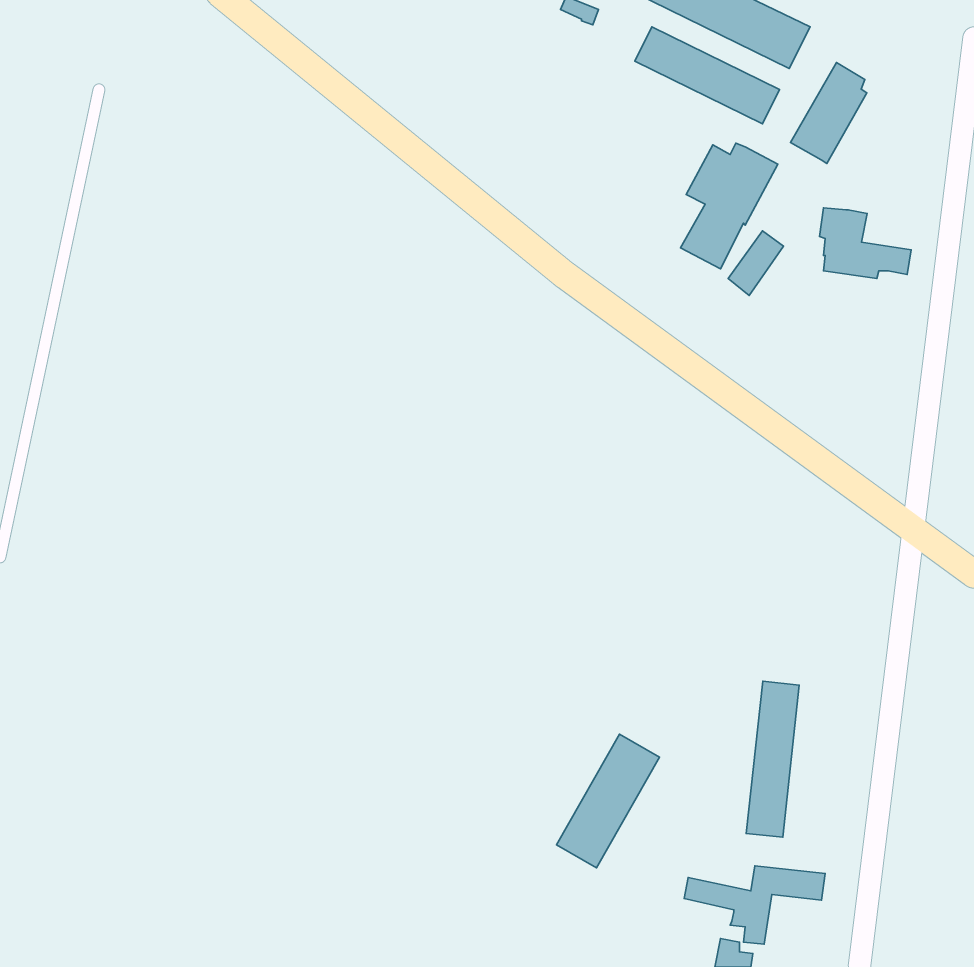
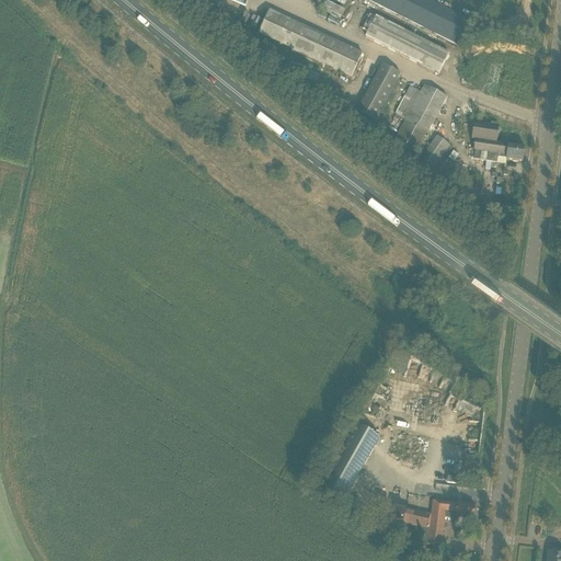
building: none -> [259,7,367,75]
building: [791,62,867,164] -> [356,62,400,121]
building: [746,681,799,837] -> none

